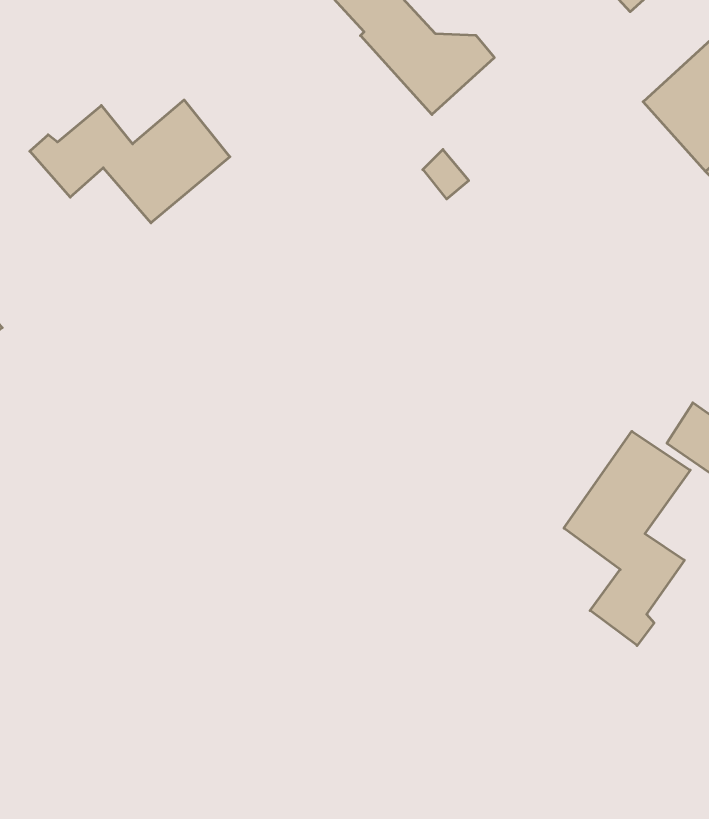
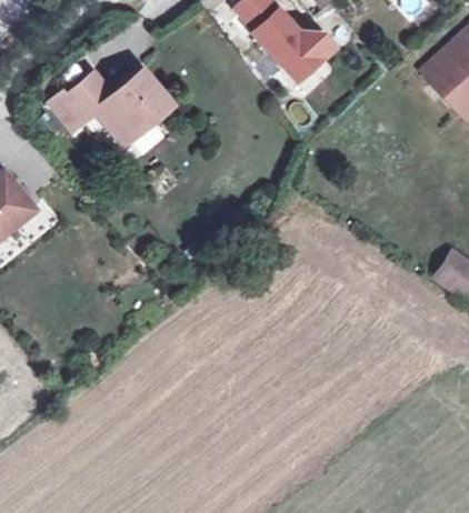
building: [564,431,690,646] -> none

